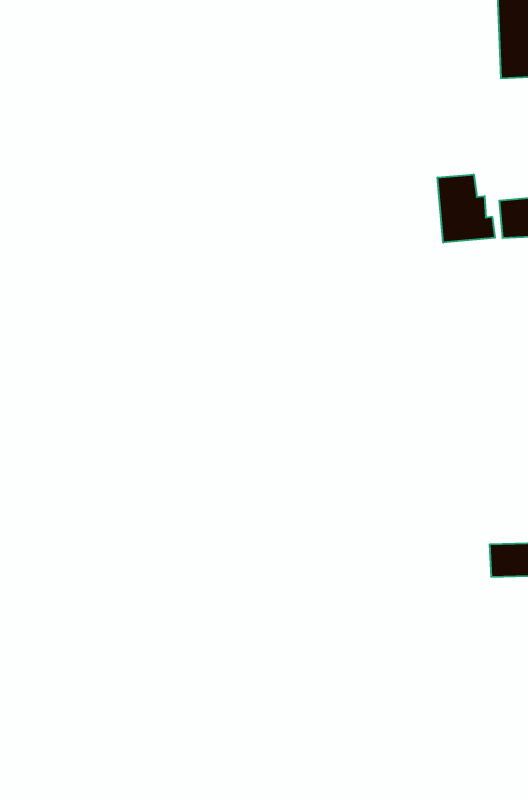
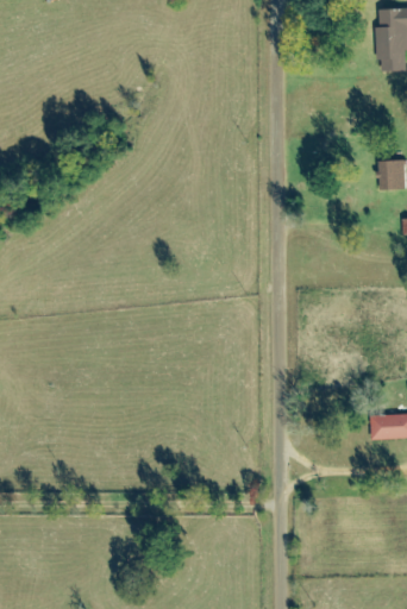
building: [438,174,495,243] -> none

